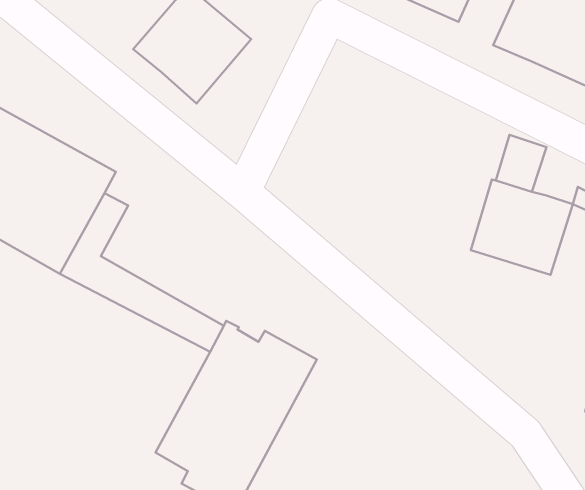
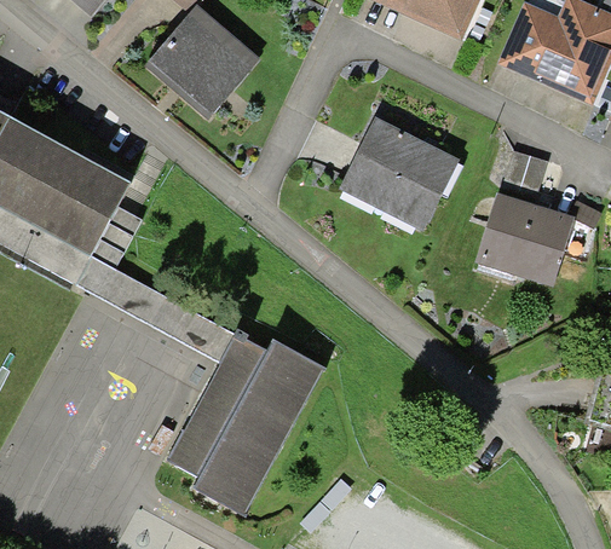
building: none -> [338,116,459,231]

